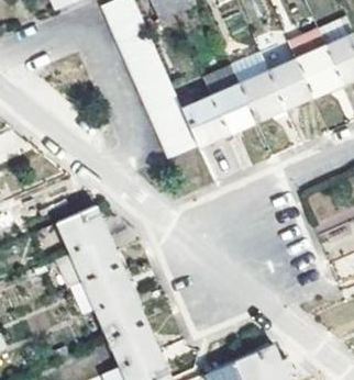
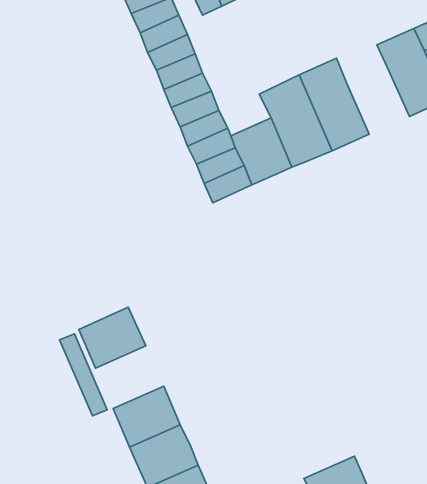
building: [268,58,314,108] -> none
building: [57,208,107,252] -> none
building: [82,264,133,310] -> none

